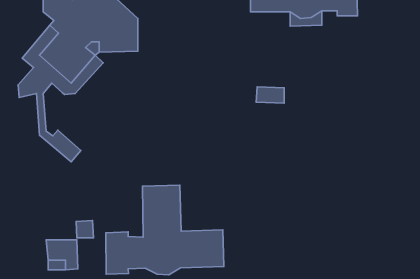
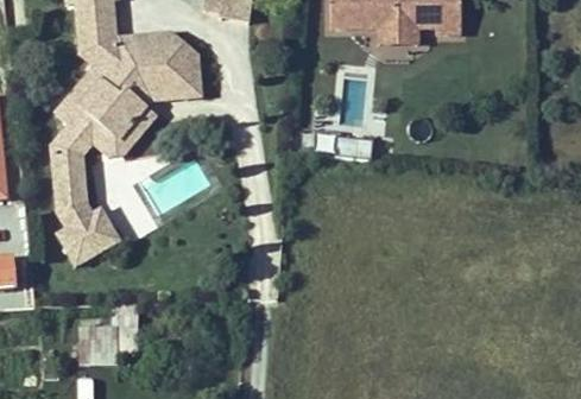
building: none -> [46,146,110,254]
building: [106,185,224,275] -> none

